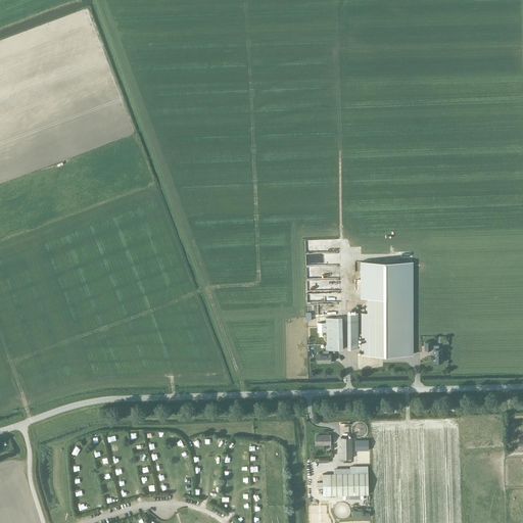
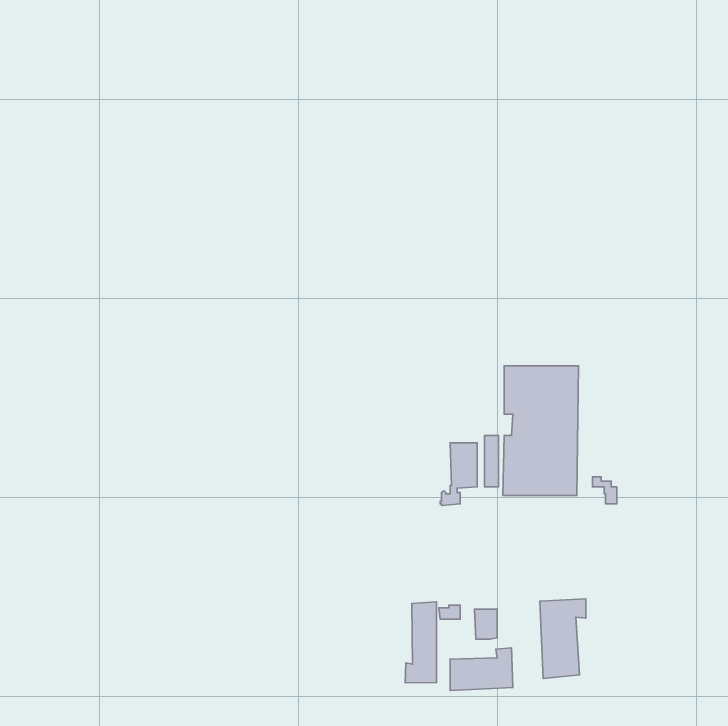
building: none -> [540,599,586,678]
building: none -> [405,602,437,683]

